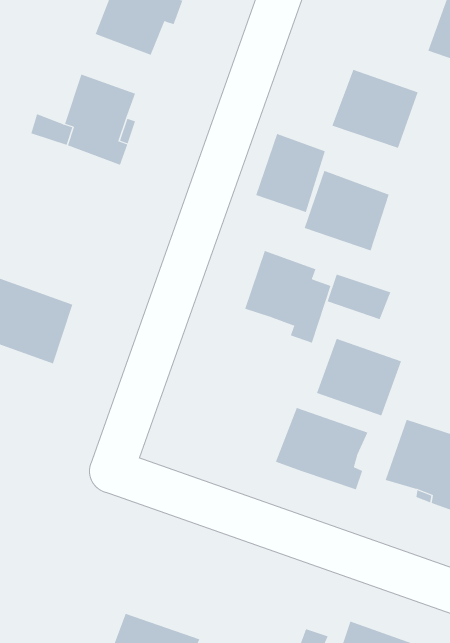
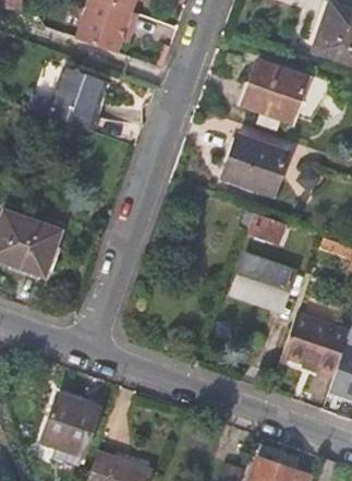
building: [256,133,326,213] -> none
building: [245,250,331,343] -> none
building: [275,407,368,490] -> none
building: none -> [41,393,98,467]

